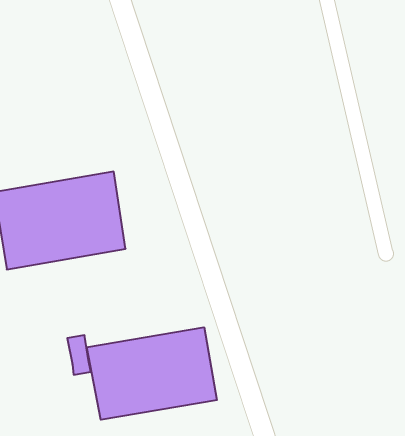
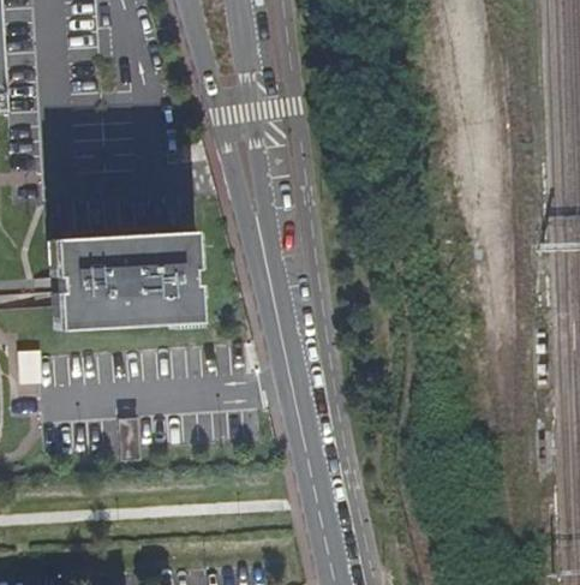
building: [87,327,217,420] -> none

